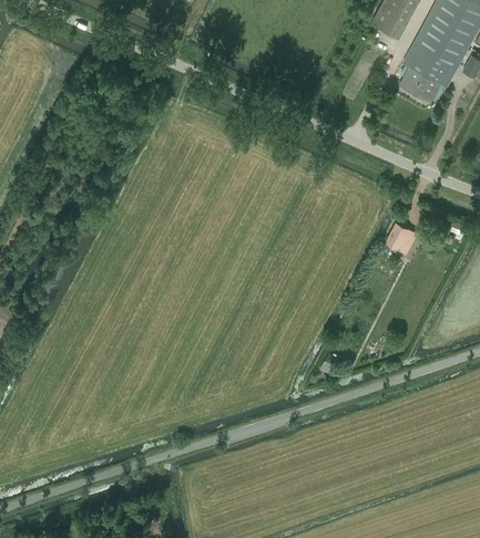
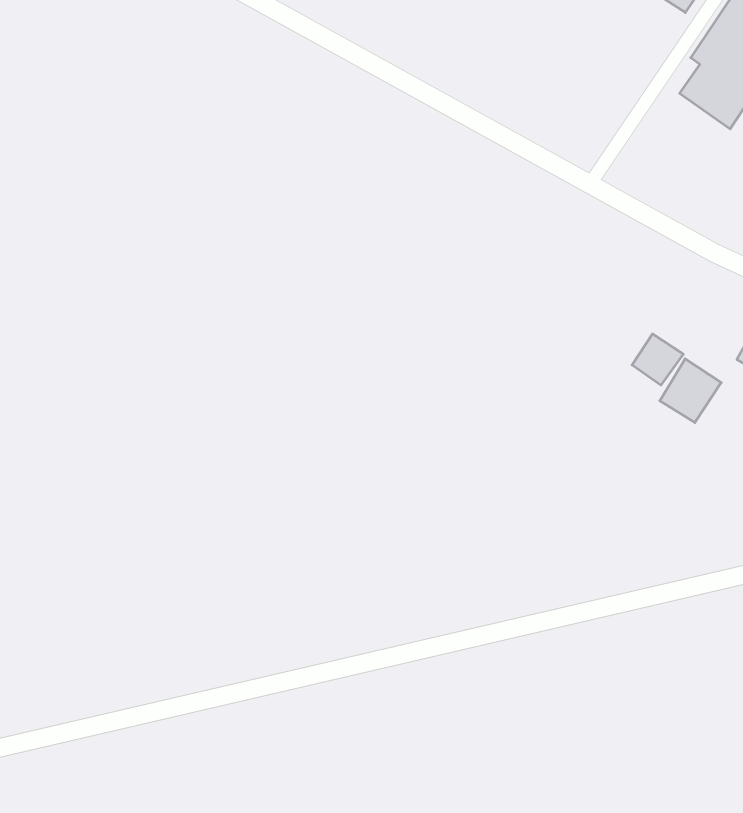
building: none -> [660,359,721,423]

